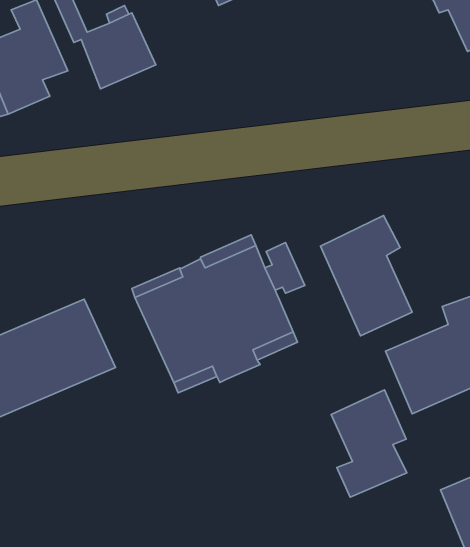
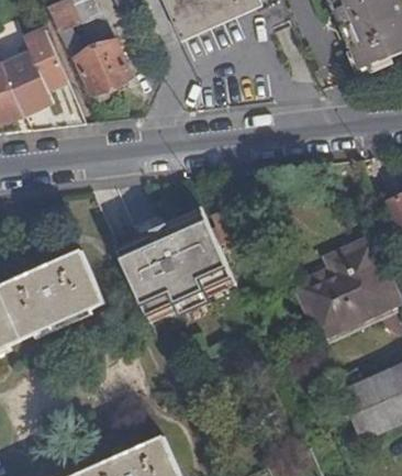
building: [321,216,412,336] -> none
building: [331,390,407,497] -> none

